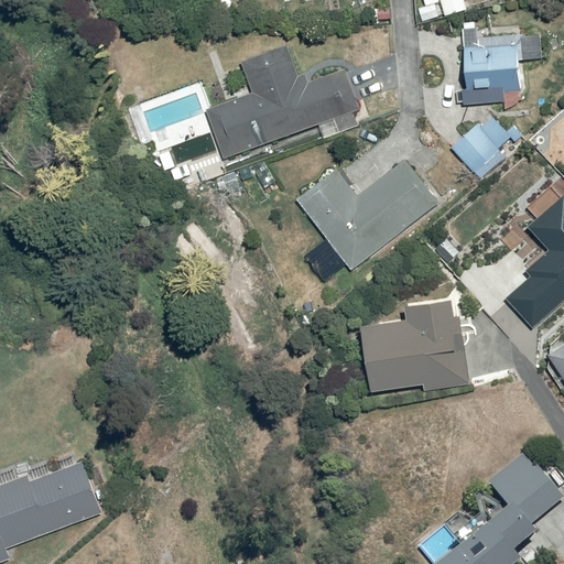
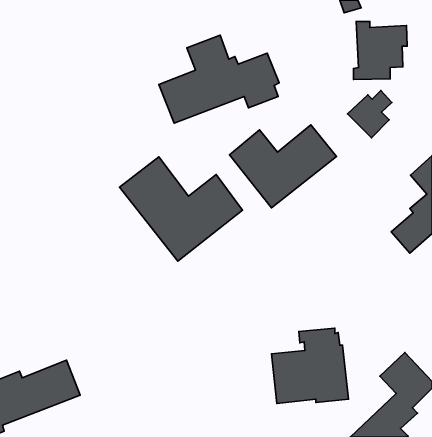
building: none -> [119,157,243,261]
building: [369,296,468,393] -> [272,328,348,403]

